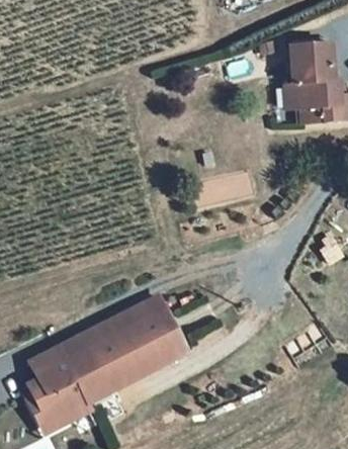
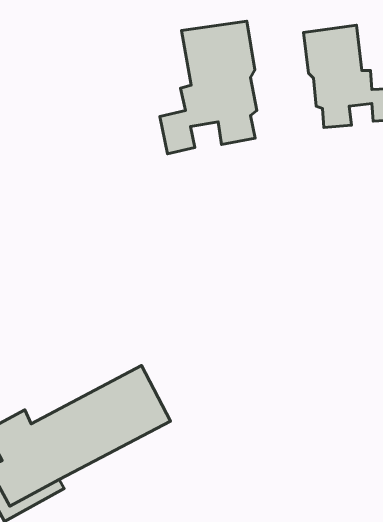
building: none -> [160,21,257,154]
building: [57,297,182,359] -> none

